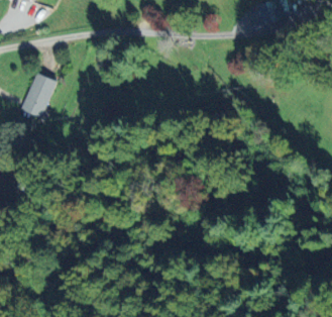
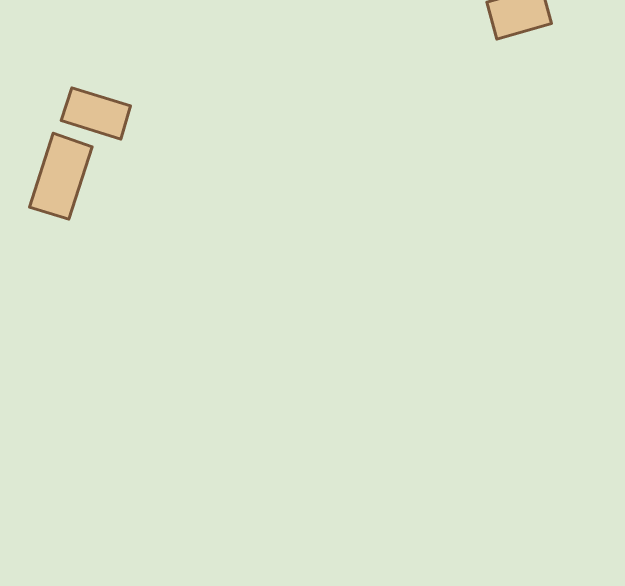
building: none -> [61,88,131,139]

